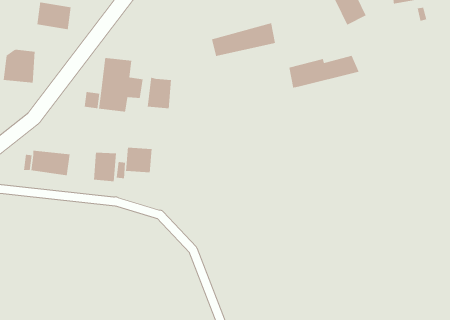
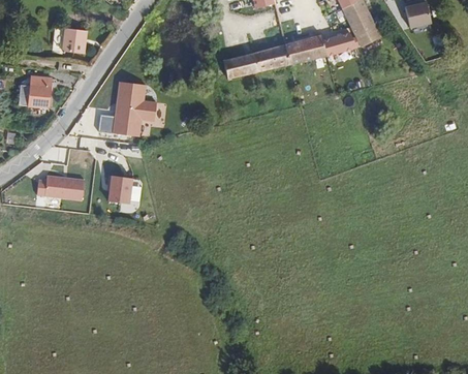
building: [289,55,359,88] -> [287,33,358,66]
building: [147,77,172,109] -> none
building: [125,147,152,173] -> none

